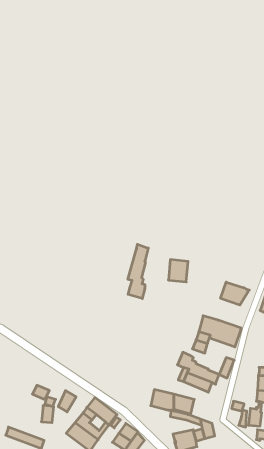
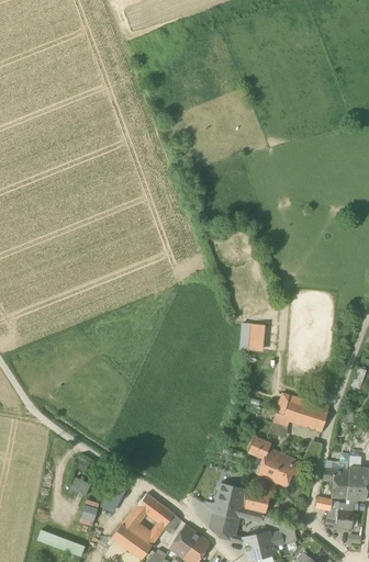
building: [128,244,148,299] -> none
building: [221,282,249,305] -> none
building: none -> [324,469,349,498]
building: none -> [211,504,238,540]

